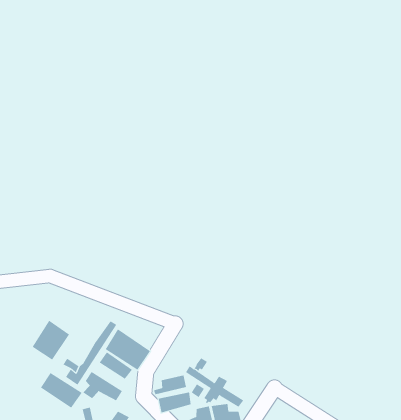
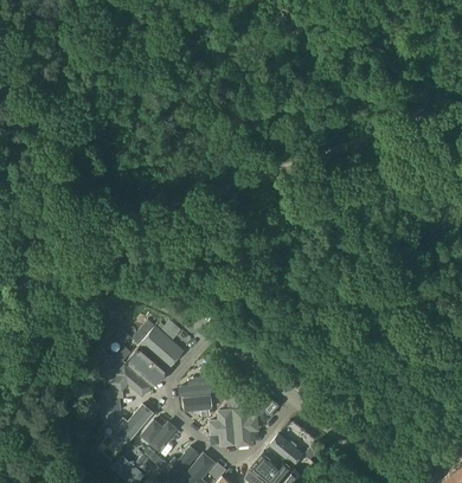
building: [32,320,70,360] -> none
building: [40,372,82,408] -> none

